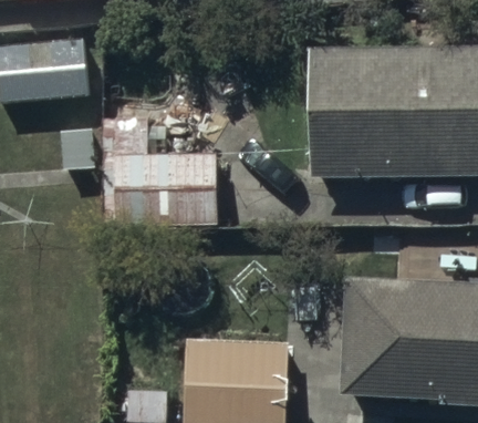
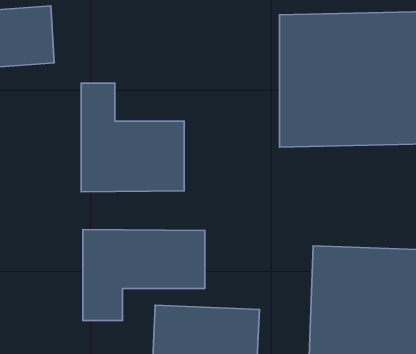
building: none -> [83,229,205,321]

